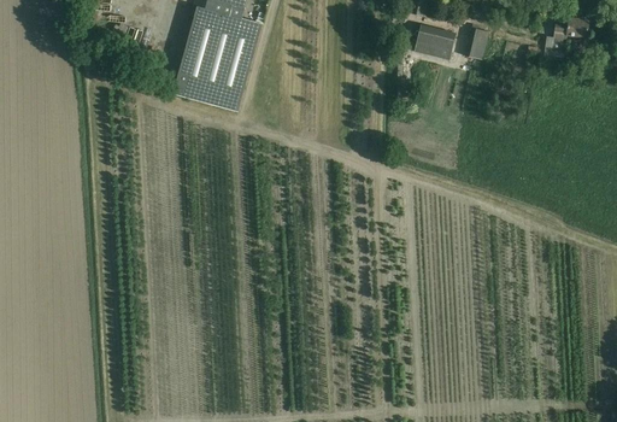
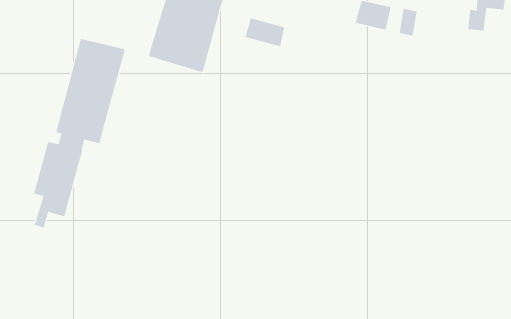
building: none -> [245,18,285,47]
building: none -> [34,38,126,228]

